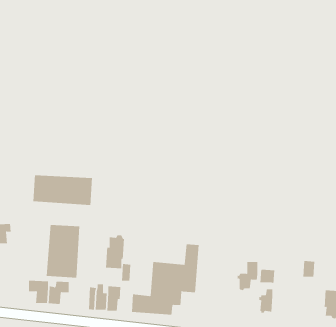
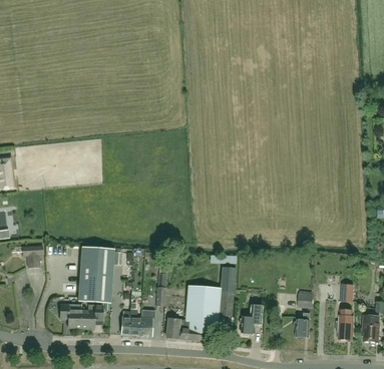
building: [33,174,93,206] -> none
building: [106,234,124,269] -> none
building: [237,262,258,291] -> [240,305,262,335]
building: none -> [336,309,353,339]

